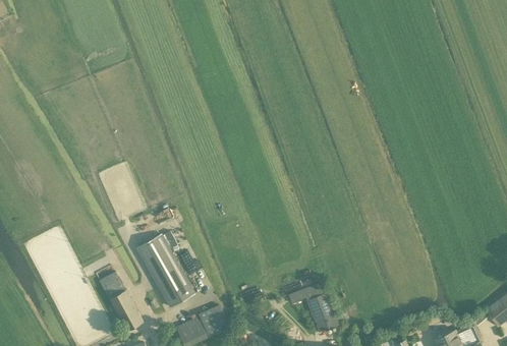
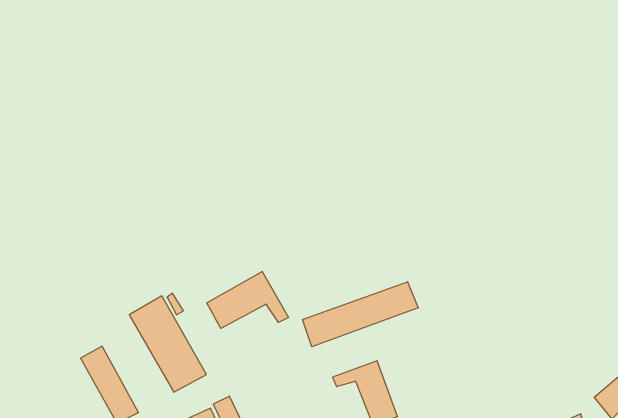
building: none -> [207,271,288,328]
building: none -> [302,282,418,347]

